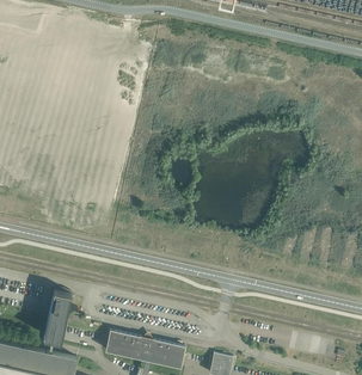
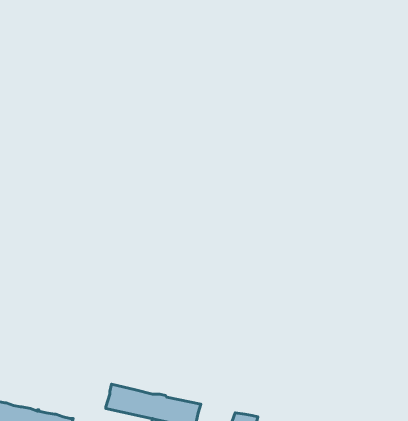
building: [43,295,69,344] -> none

